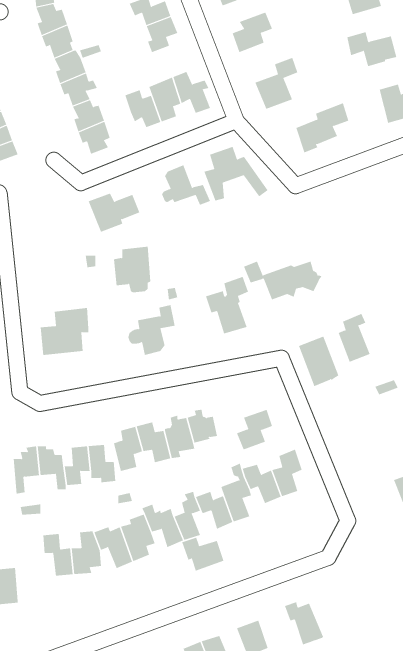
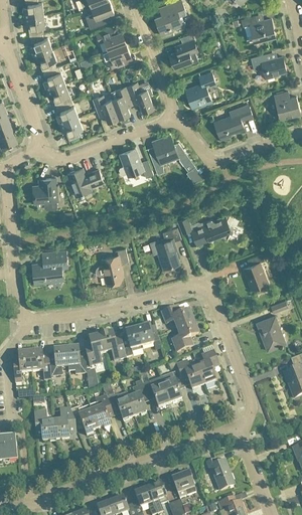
building: [113,246,151,293] -> [31,175,58,208]
building: [298,336,339,387] -> [256,314,285,350]
building: none -> [161,306,193,327]
building: [181,537,224,572] -> none

